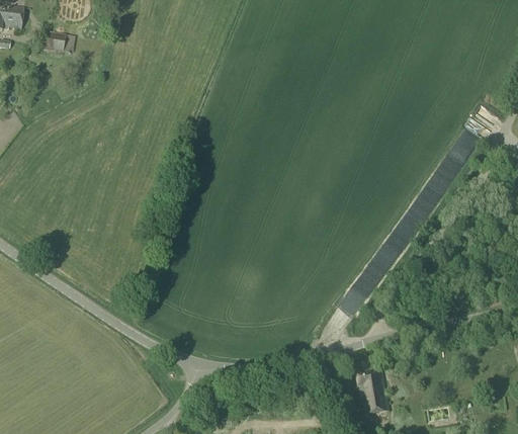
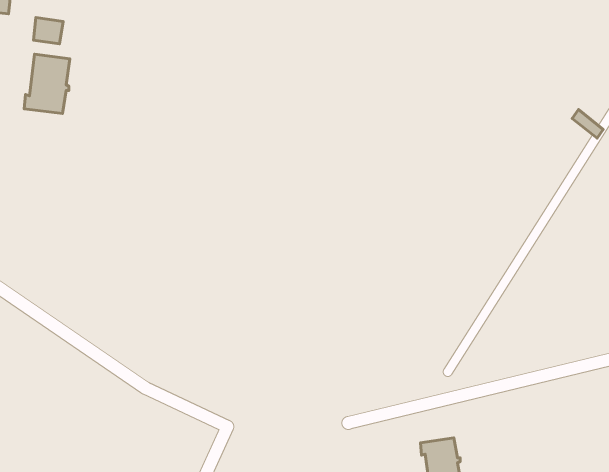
building: none -> [24,54,70,114]

